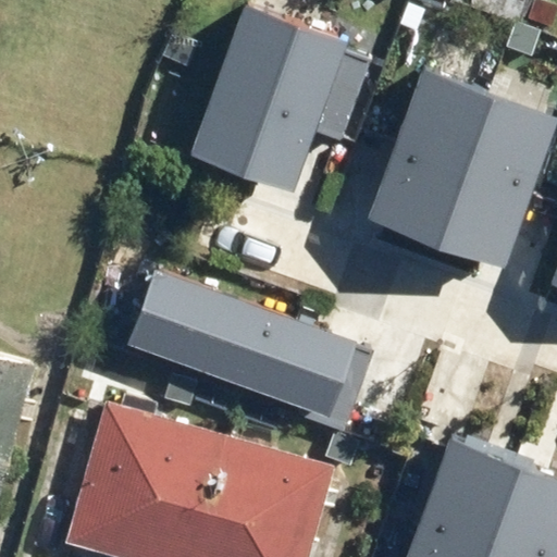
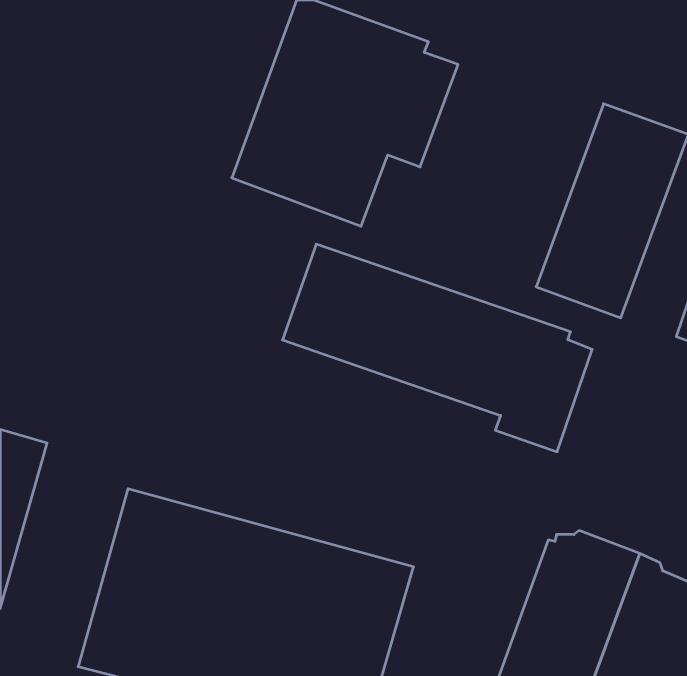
building: [367,69,488,242] -> none
building: [124,268,374,435] -> [282,244,592,452]

